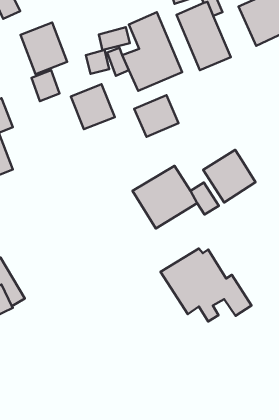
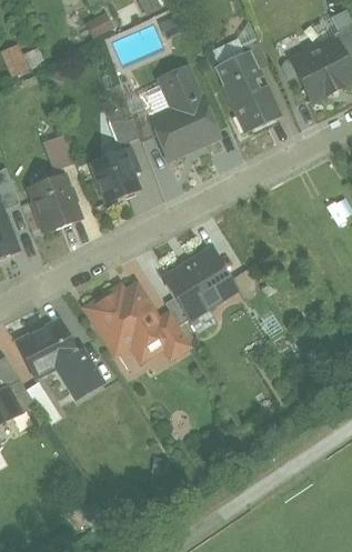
building: [20,23,67,74] -> [26,172,81,233]
building: [134,95,179,137] -> none
building: [203,150,256,203] -> none
building: none -> [14,312,104,403]
building: [161,249,251,322] -> [84,280,192,367]

